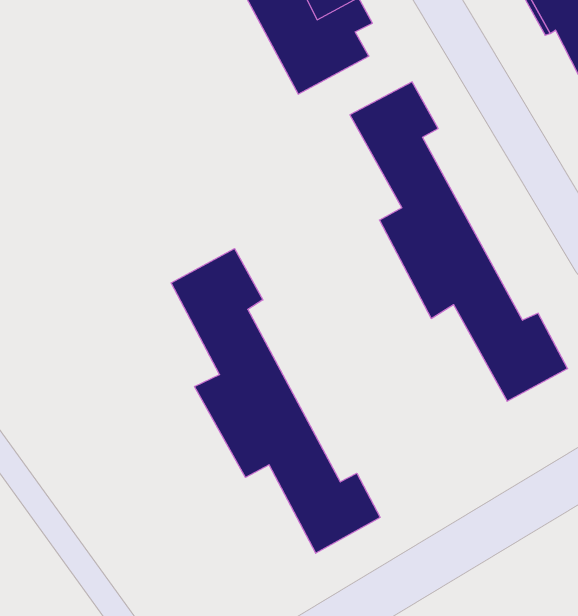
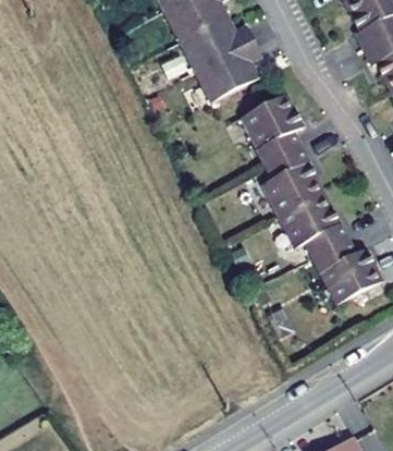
building: [171,249,380,553] -> none

